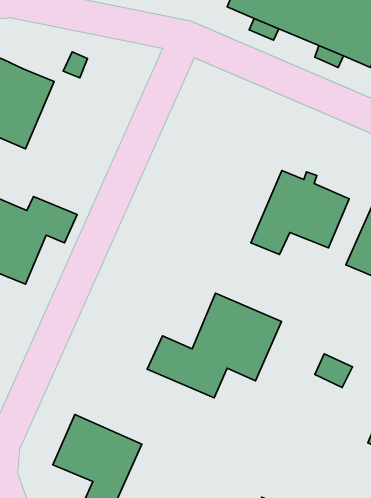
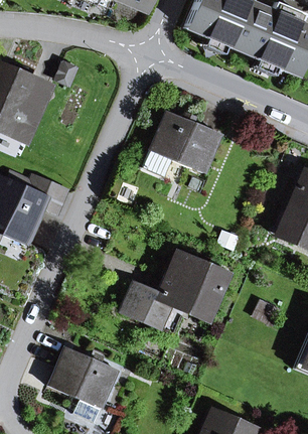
building: [251,170,349,254] -> [144,111,220,176]

